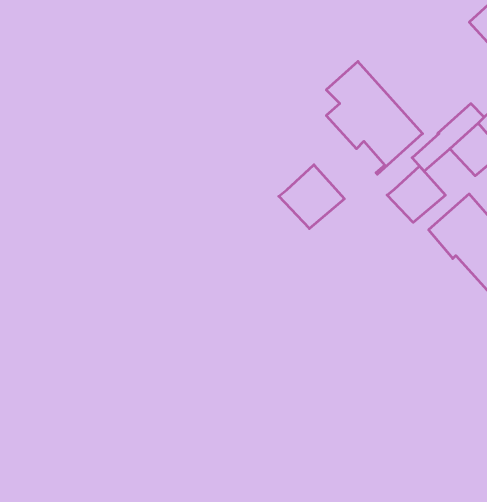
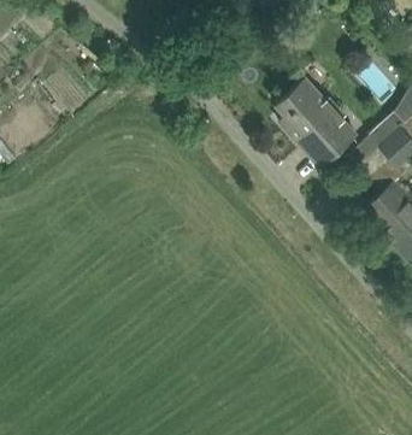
building: [279,165,344,229] -> none
building: [387,166,445,222] -> none

